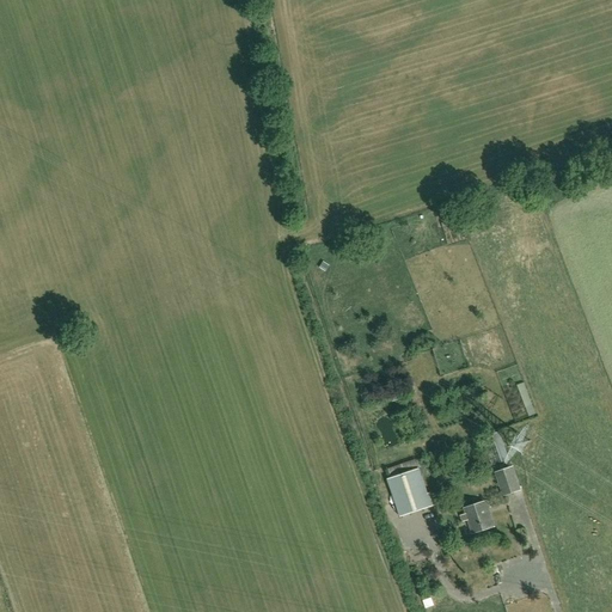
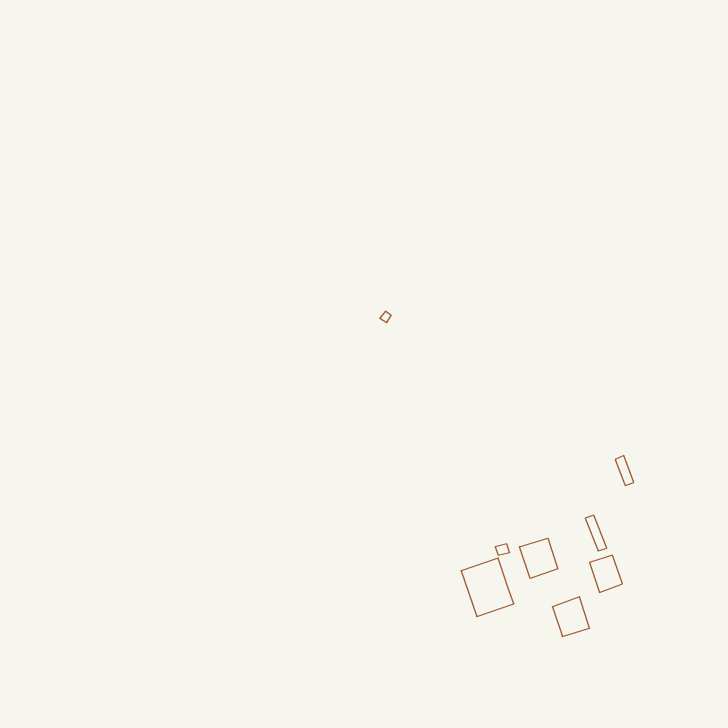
building: none -> [519,538,558,578]

